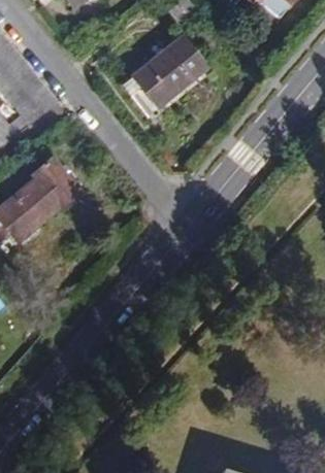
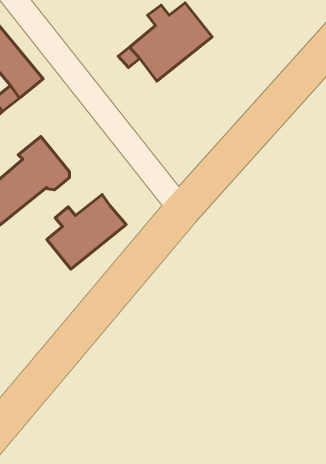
building: none -> [47,195,126,269]

